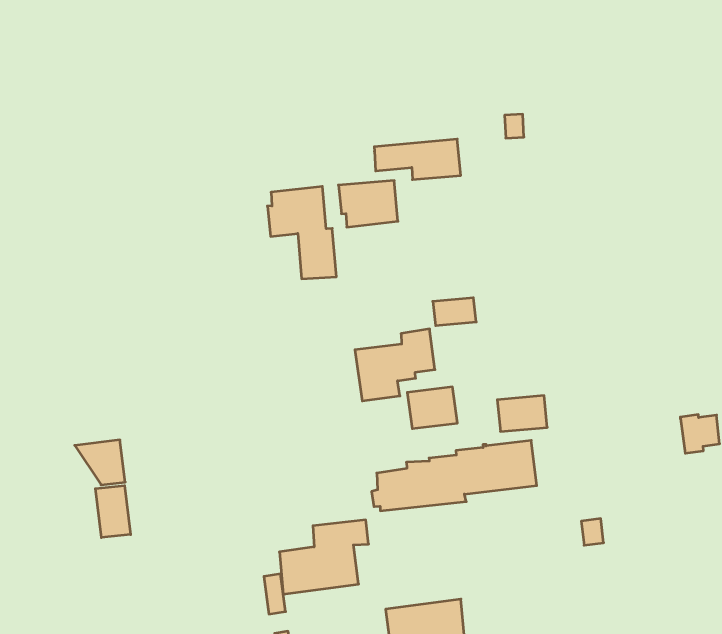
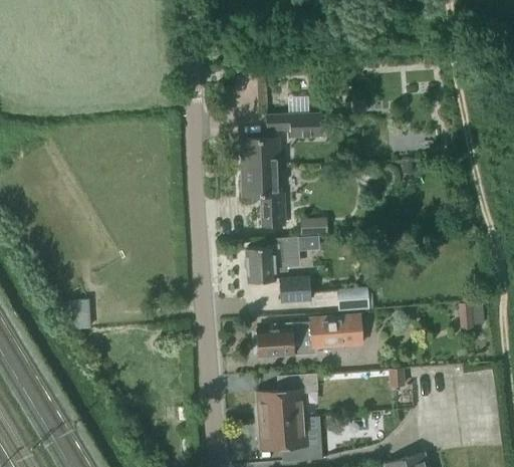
building: [267,186,336,279] -> [242,166,285,226]
building: [95,486,131,538] -> none
building: [279,520,369,594] -> [256,376,315,422]

